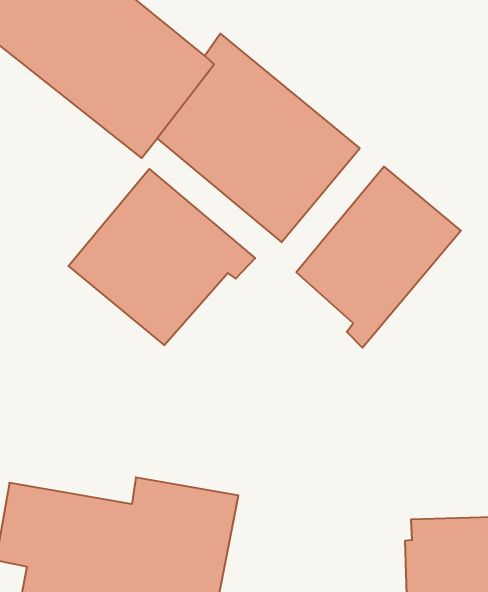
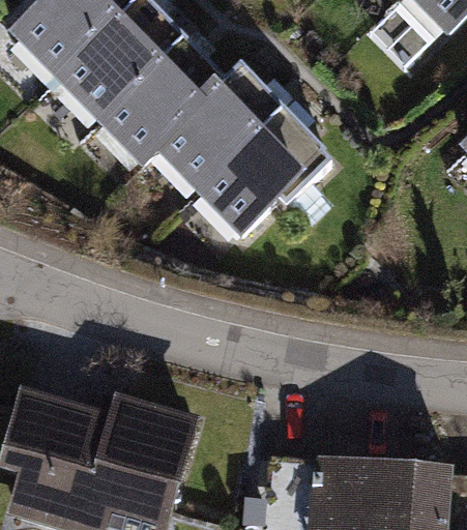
building: [296,167,461,348] -> none
building: [68,169,255,345] -> none

